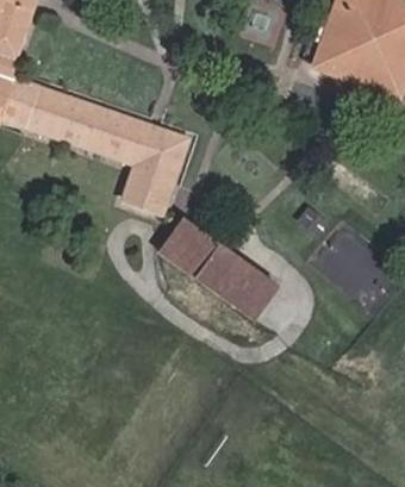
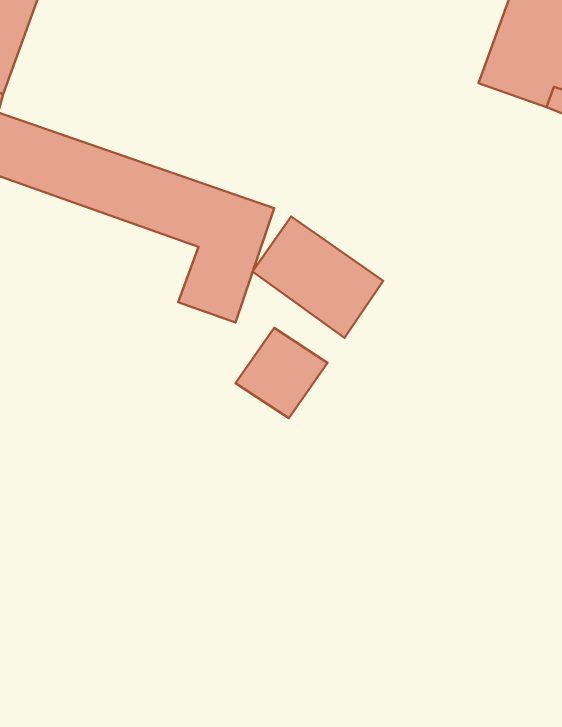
building: [198,242,282,320] -> [253,216,383,338]

